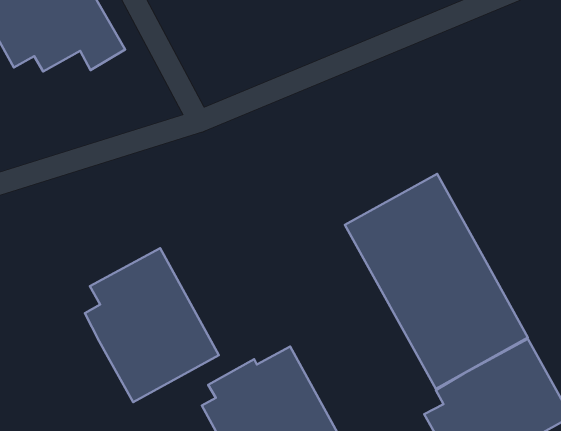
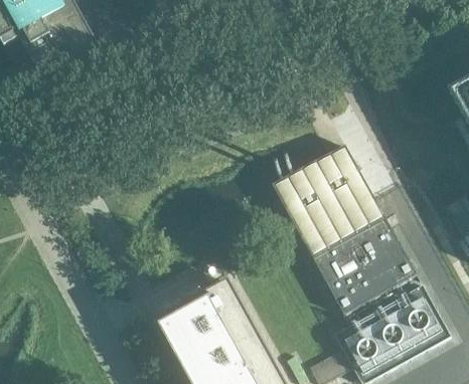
building: [85,248,219,402] -> none

